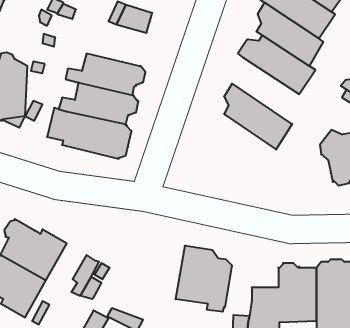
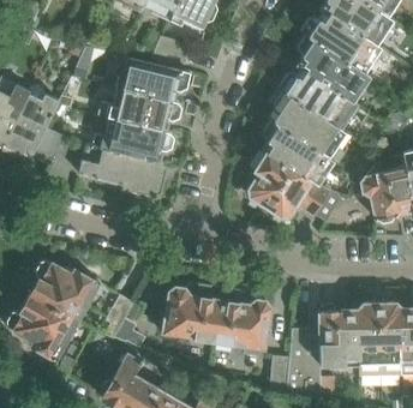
building: none -> [115,56,190,101]
building: none -> [271,91,346,163]
building: none -> [249,151,339,220]
building: none -> [162,282,222,342]

